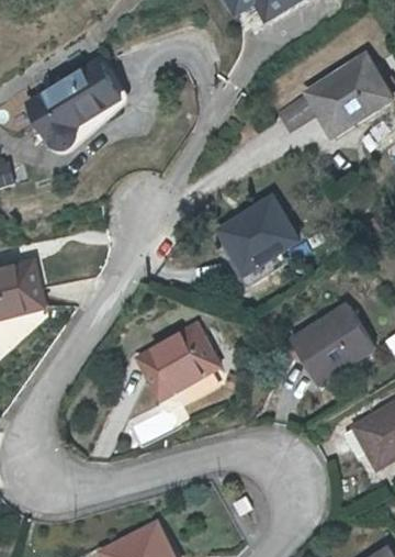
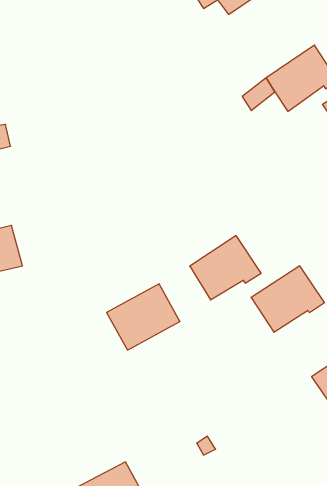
building: [23,60,116,144] -> none
building: [217,194,296,266] -> [190,236,261,300]

